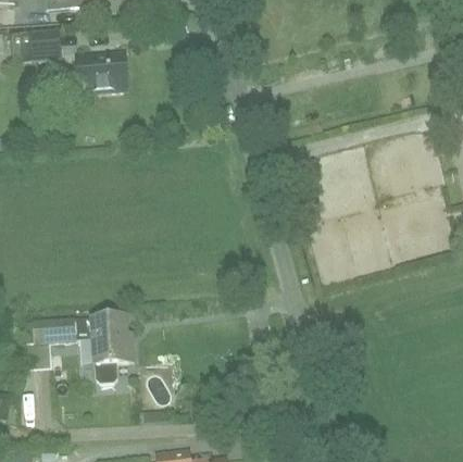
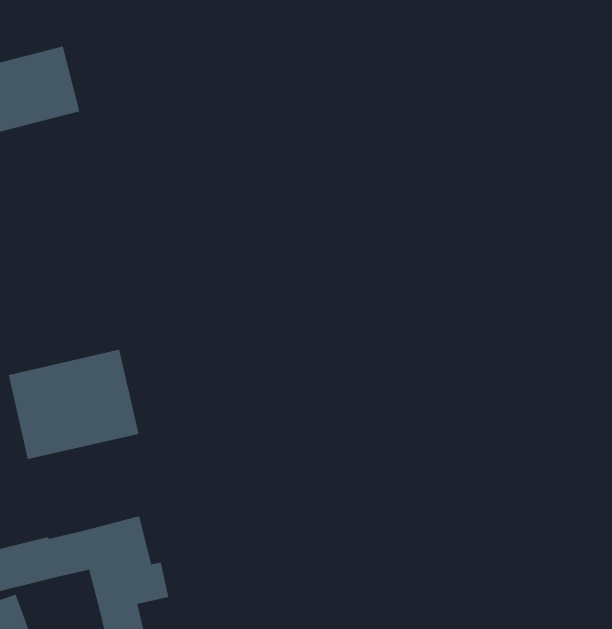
building: none -> [8,349,139,460]

